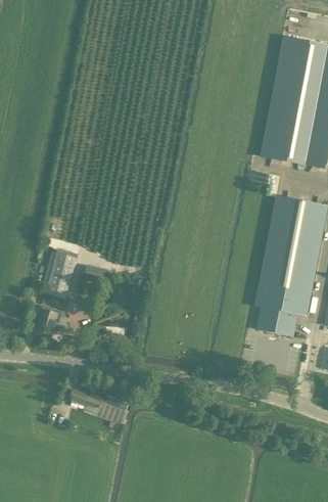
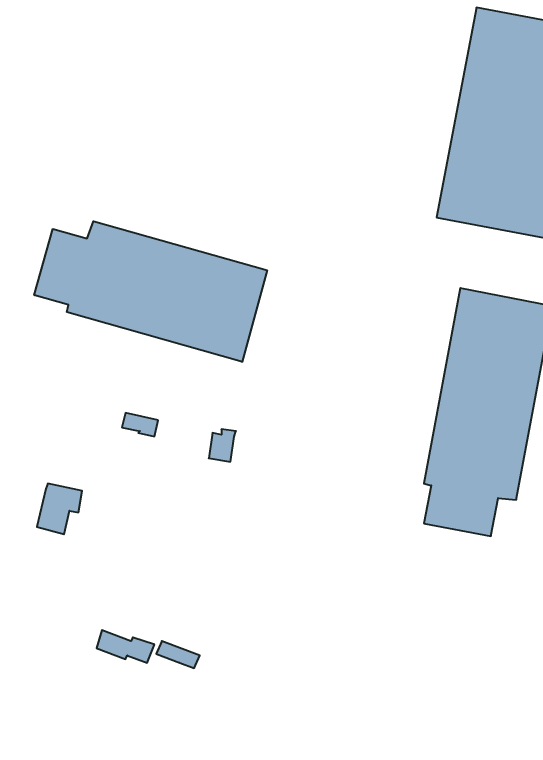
building: none -> [34,221,267,362]
building: [44,252,77,298] -> none

